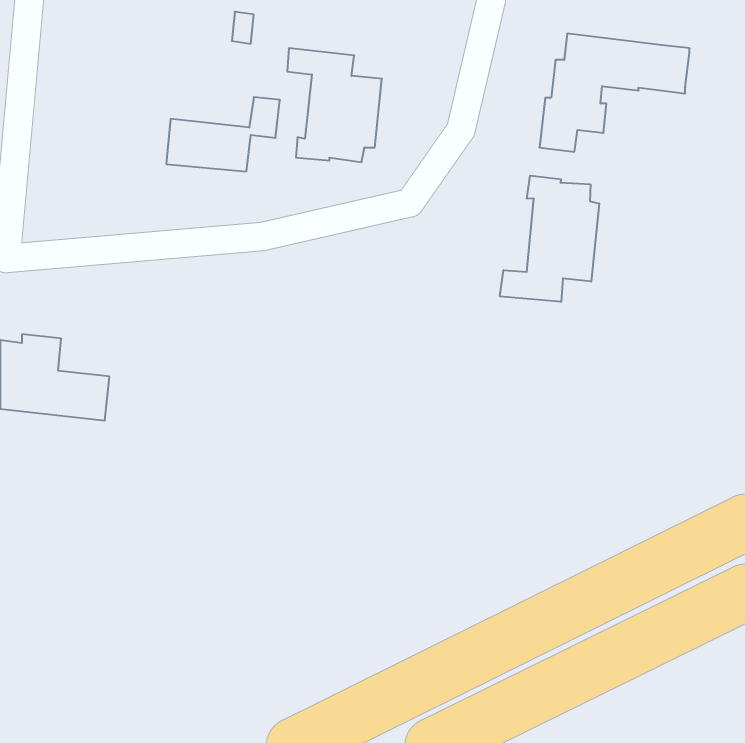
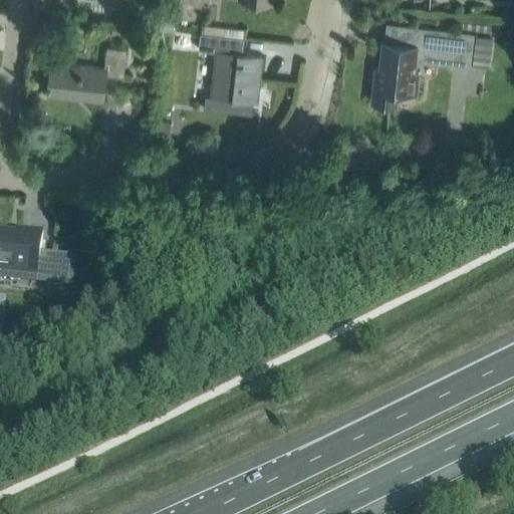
building: [166,97,280,171] -> [47,49,125,100]
building: [500,176,599,302] -> none

